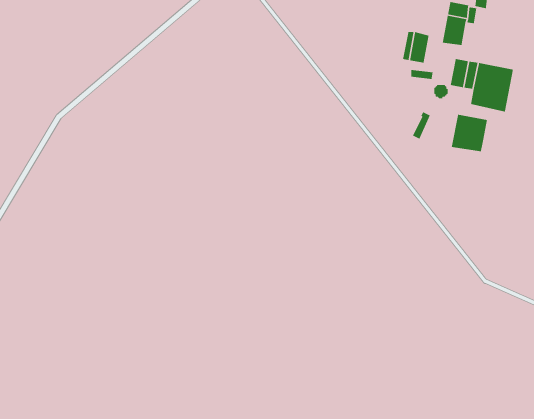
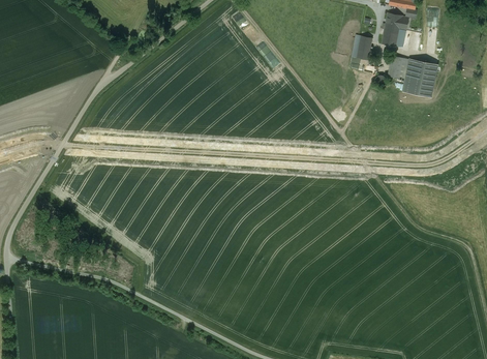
building: [451,114,488,152] -> none

